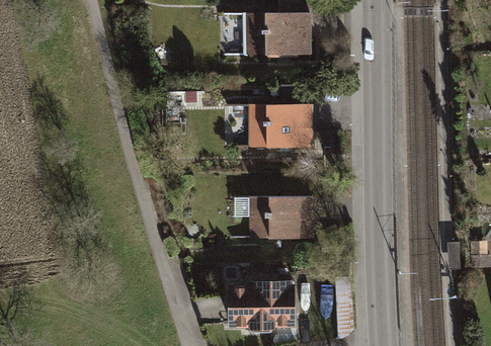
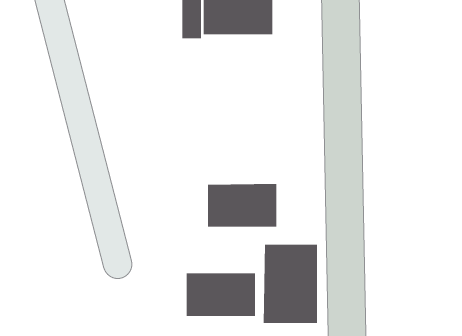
building: [247,104,314,146] -> none
building: none -> [263,244,317,324]

